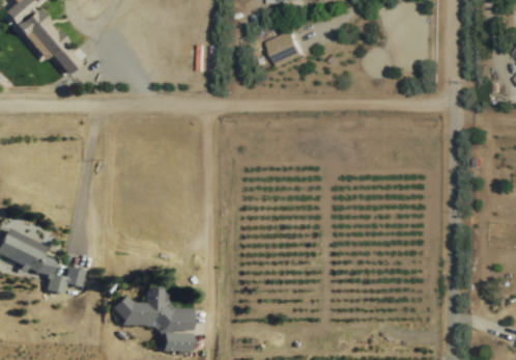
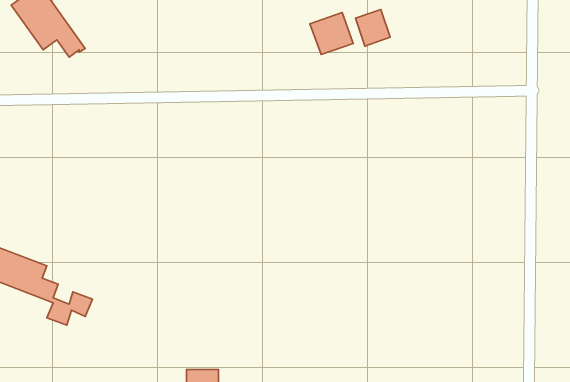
building: none -> [355,9,390,46]
building: [118,286,190,329] -> none

